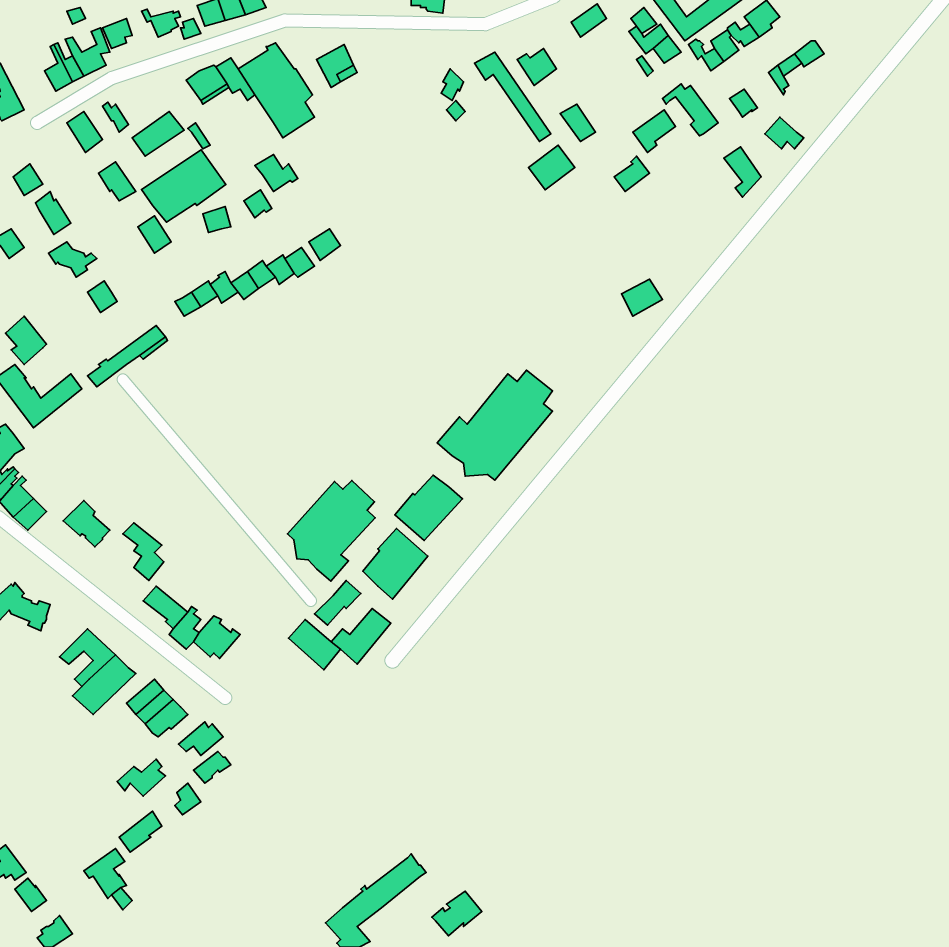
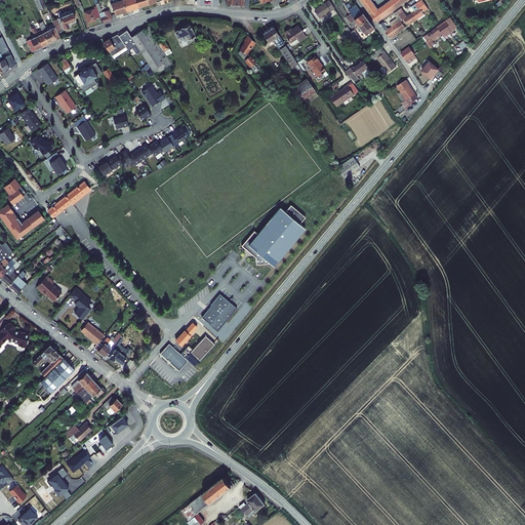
building: [141,150,226,222] -> none
building: [395,475,463,540] -> none
building: [288,481,375,581] -> none

